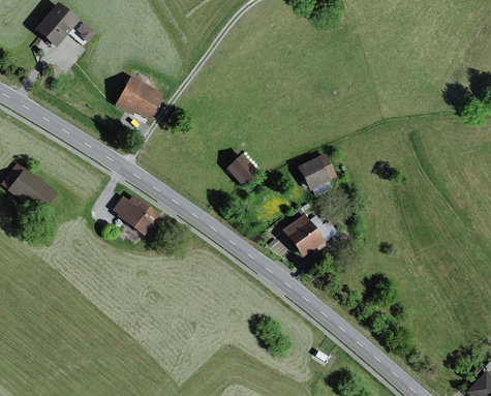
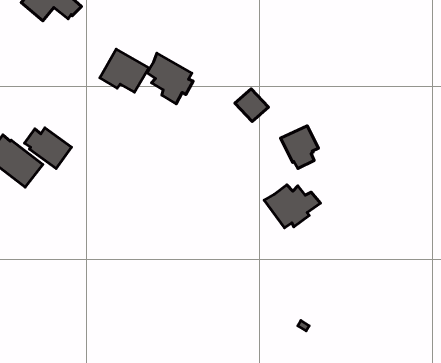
building: none -> [147,53,193,104]
building: [225,154,259,187] -> [235,89,268,121]
building: [112,194,159,236] -> [24,128,71,169]

